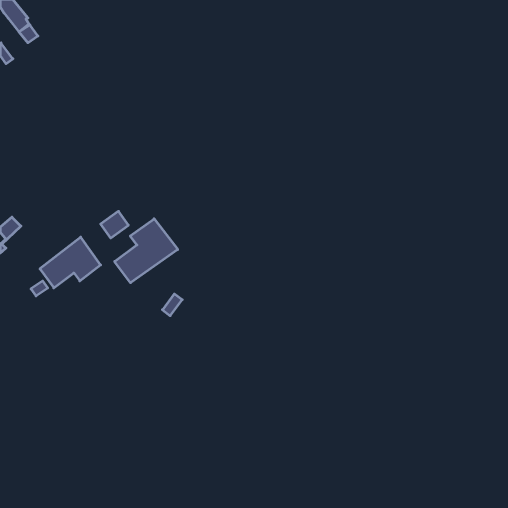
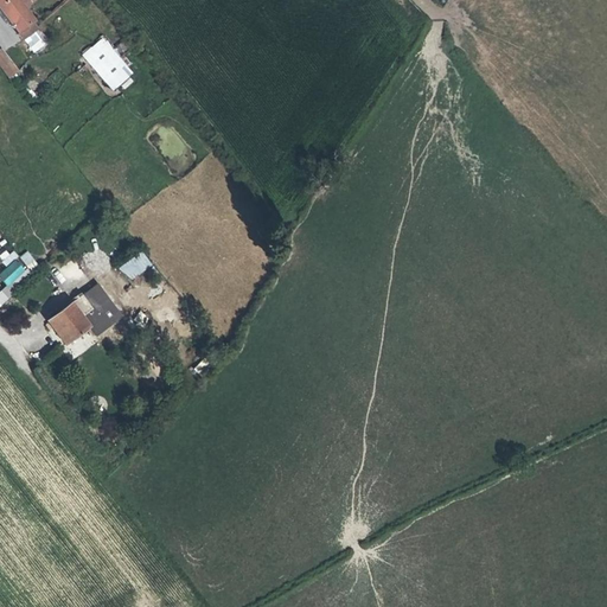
building: none -> [82,34,135,90]
building: [115,219,178,283] -> none

